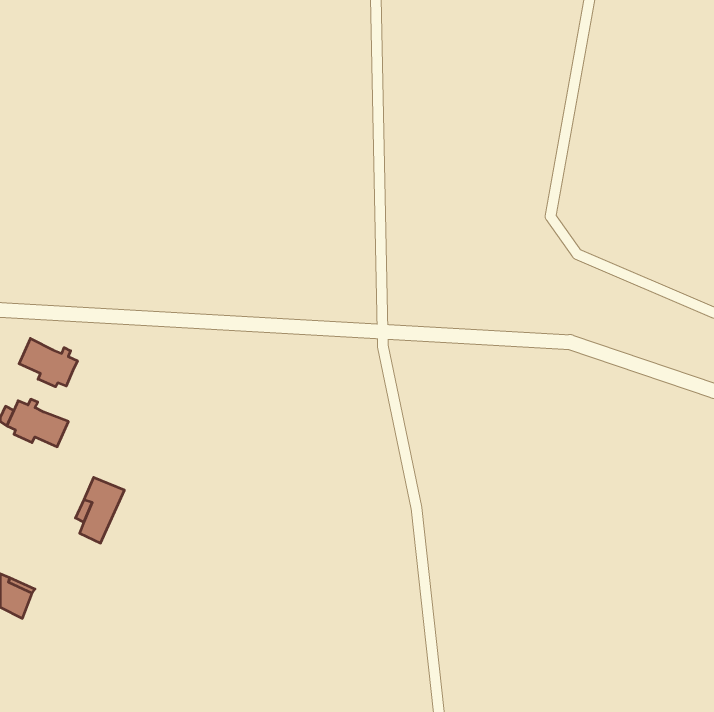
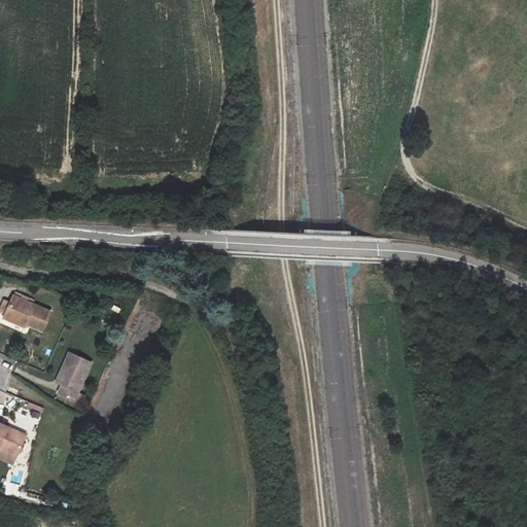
building: [19,338,77,387] -> none

